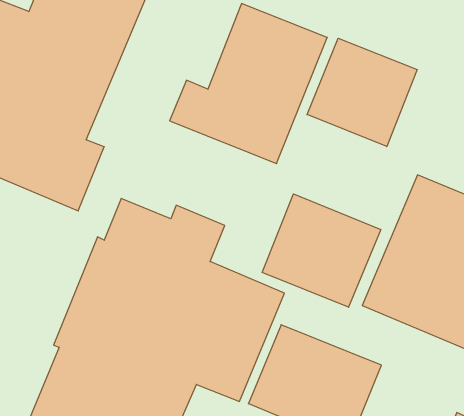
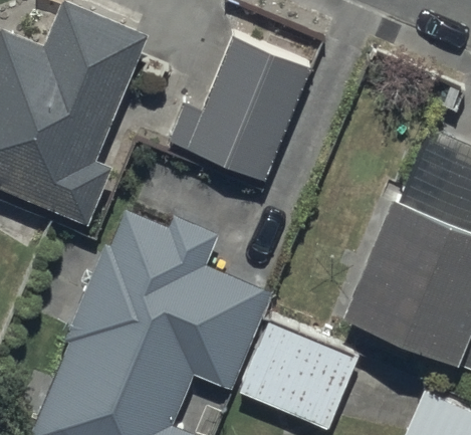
building: [307,38,417,147] -> none
building: [262,194,381,307] -> none

